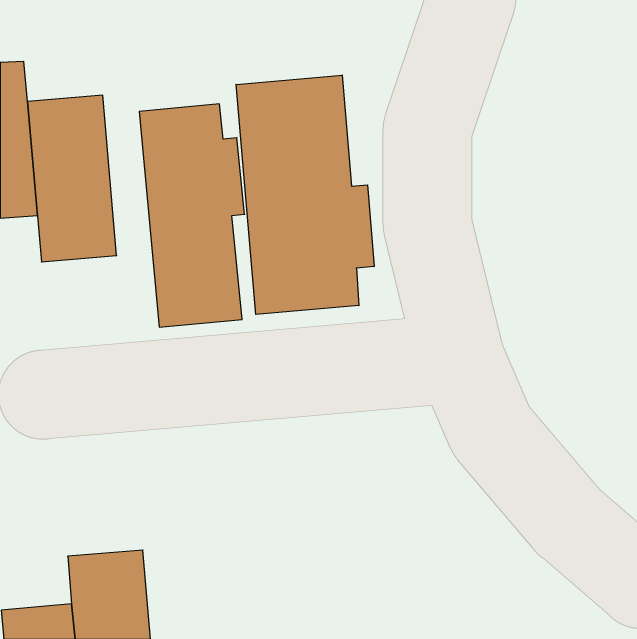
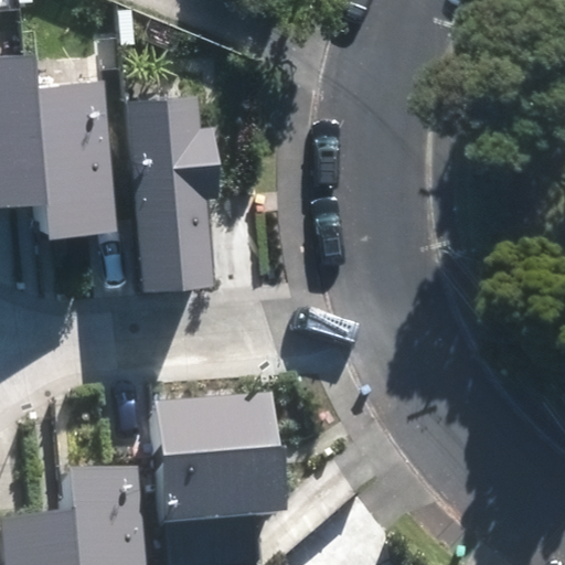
building: [236,75,374,314] -> none
building: none -> [152,403,286,539]

